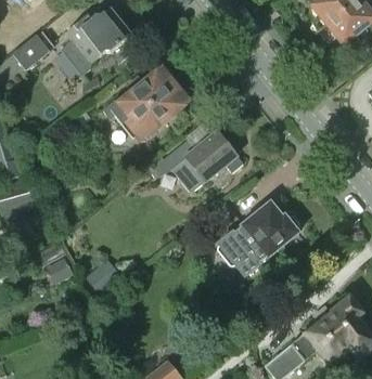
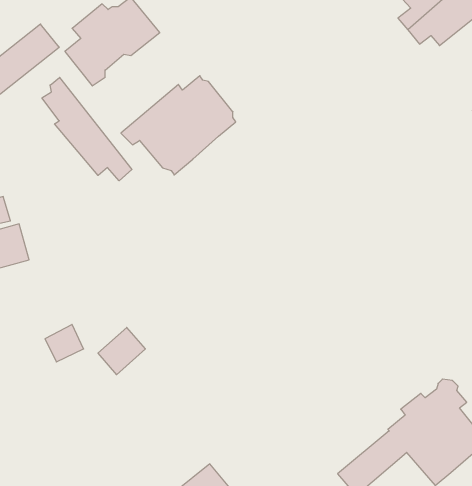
building: none -> [42,77,132,181]
building: [145,132,243,193] -> none
building: [217,202,298,276] -> none

